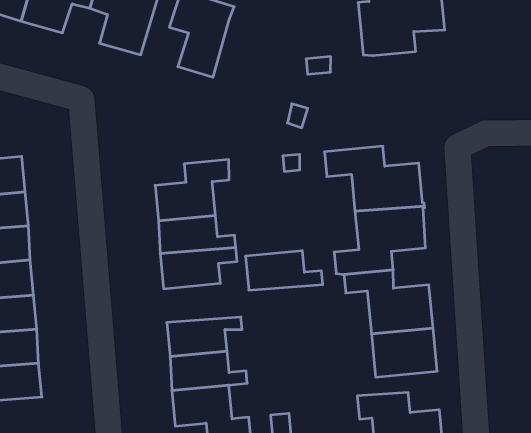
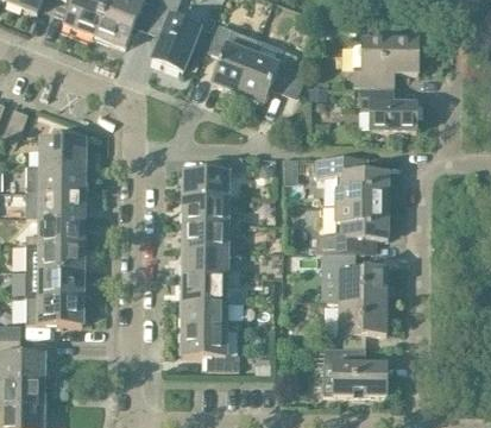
building: none -> [237,49,298,102]
building: none -> [359,87,417,130]
building: [245,251,323,290] -> [183,250,240,277]

